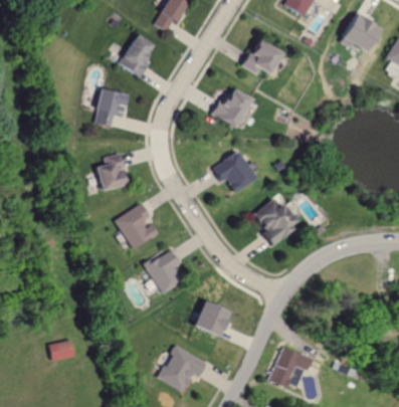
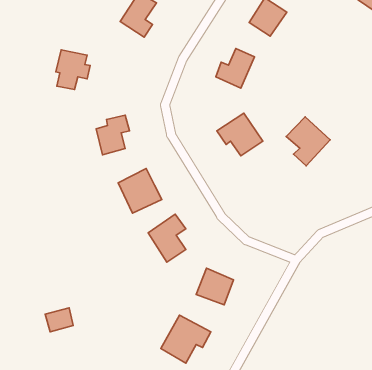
building: [96,88,130,127] -> [56,50,90,89]
building: [253,198,295,245] -> [286,117,330,166]
building: [270,347,312,388] -> none

